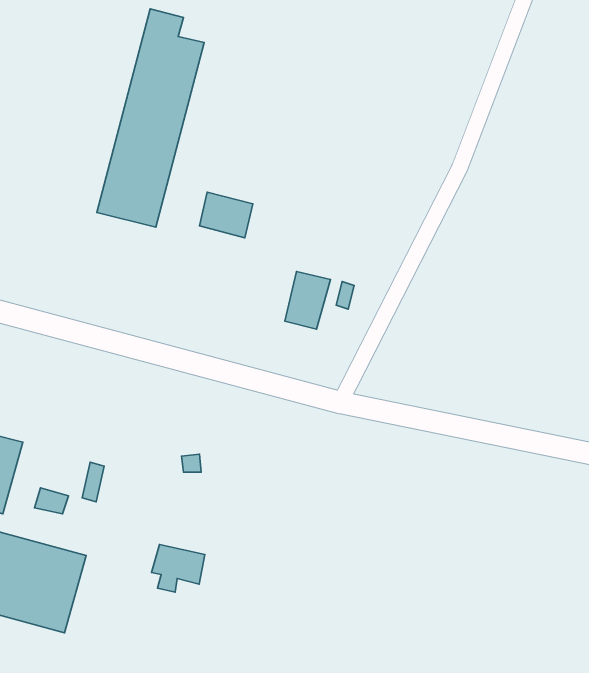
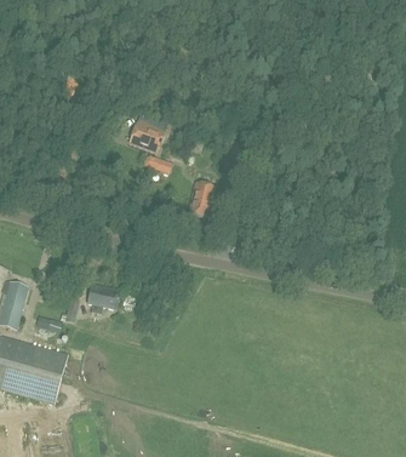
building: [97,9,204,227] -> none
building: [151,545,205,592] -> [86,285,119,314]

